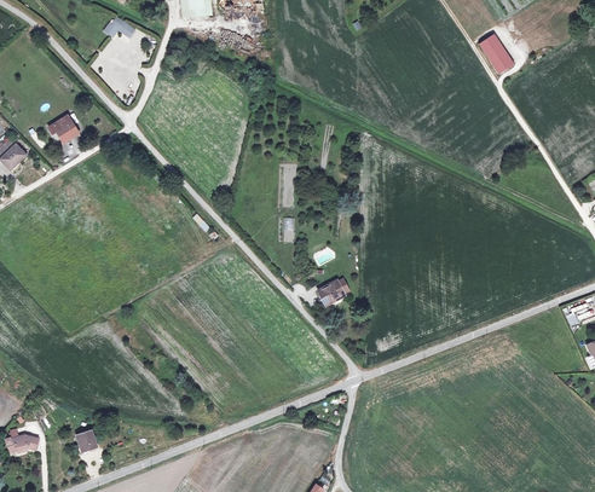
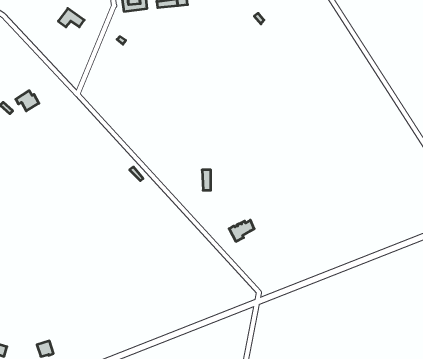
building: [479,33,515,76] -> none

